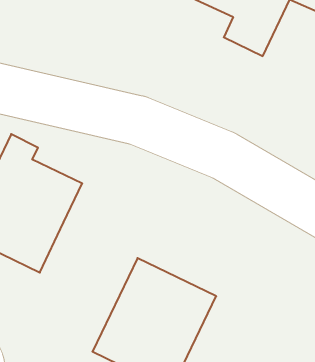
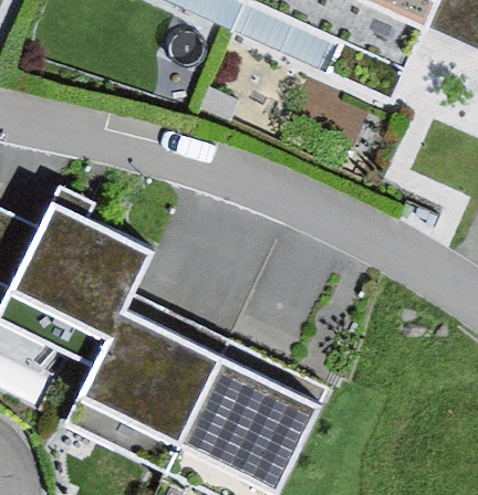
building: none -> [65,294,222,462]

